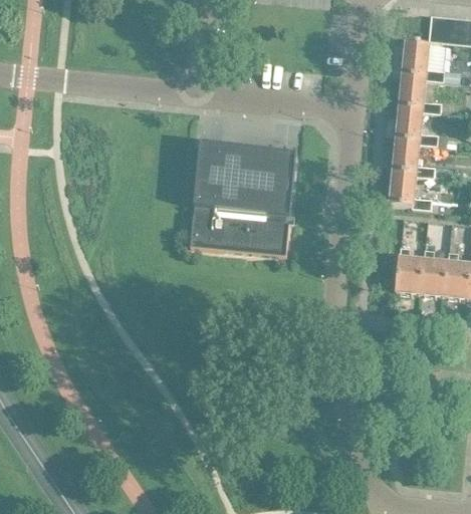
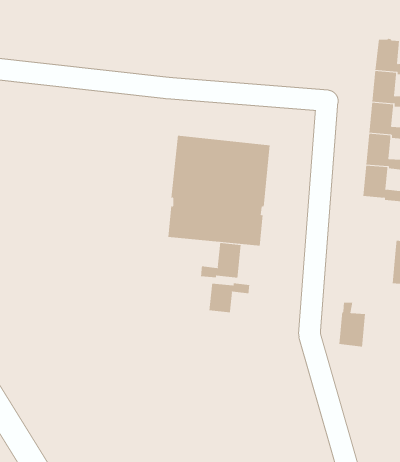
building: [395,246,423,292] -> [338,302,366,347]
building: none -> [200,242,241,278]
building: none -> [209,282,250,313]

